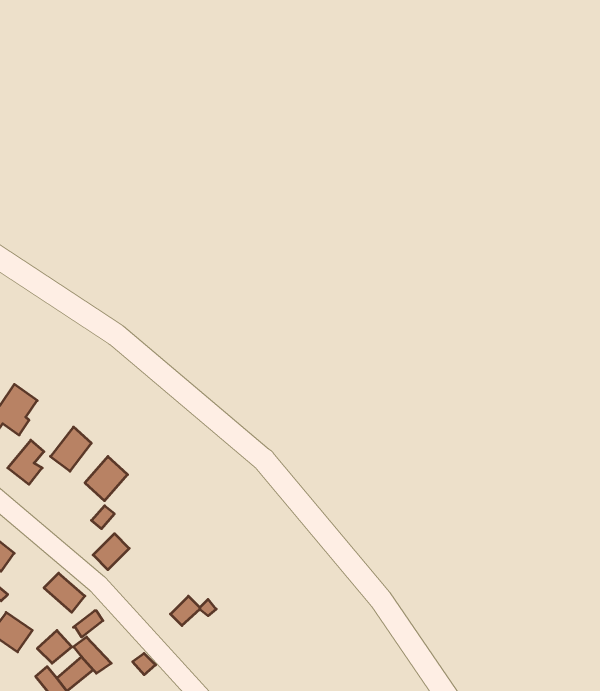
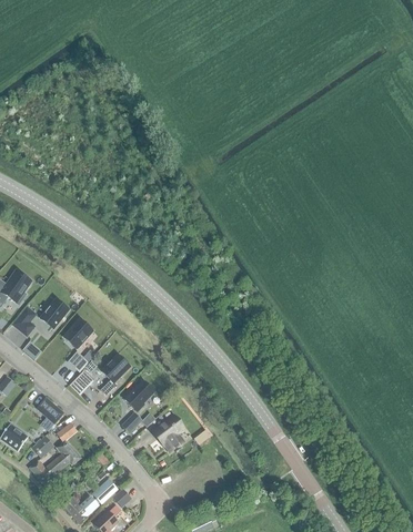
building: none -> [101,355,130,396]
building: none -> [122,380,154,412]
building: none -> [152,417,183,452]

